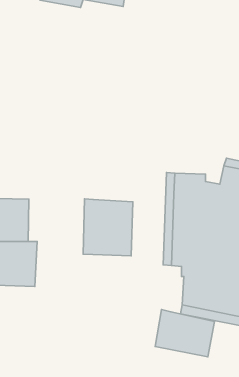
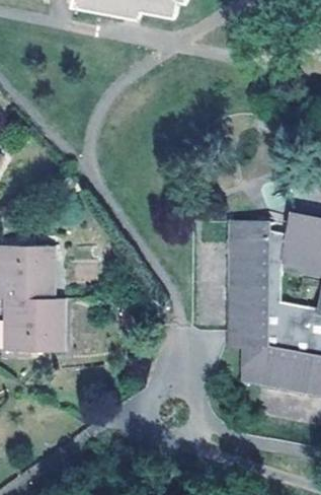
building: [83,199,133,256] -> none
building: [155,310,214,357] -> none

